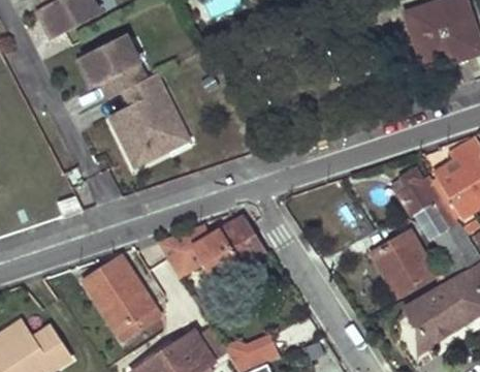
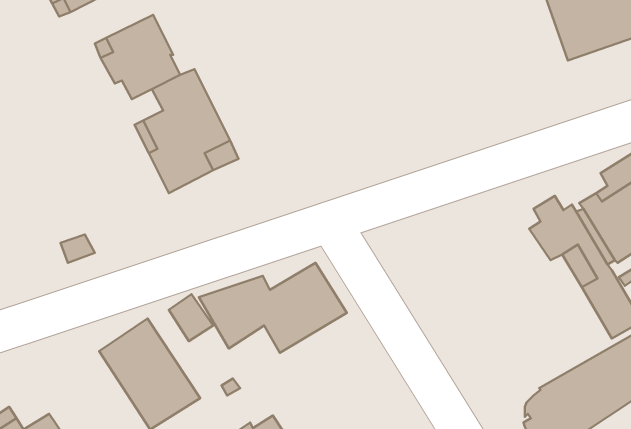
building: [374,230,435,295] -> none

